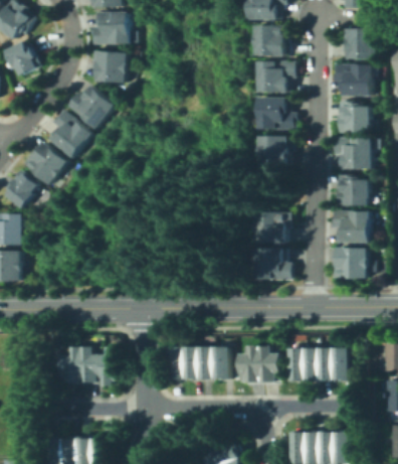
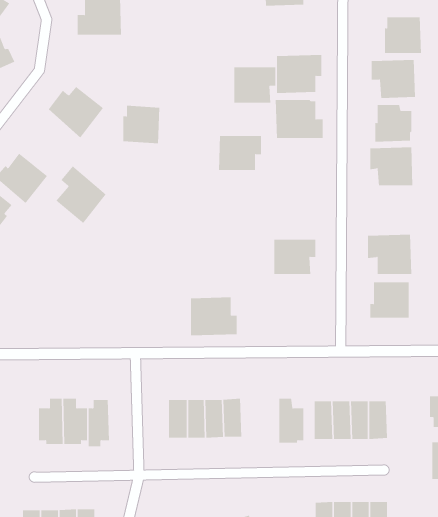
building: [253,25,288,55] -> [234,67,276,103]
building: [94,51,126,84] -> [123,105,160,144]
building: [48,110,90,158] -> [56,165,107,224]
building: [255,137,291,166] -> [218,135,262,171]
building: [336,175,367,206] -> none
building: [252,249,291,281] -> [190,297,237,336]
building: [238,345,258,382] -> none

